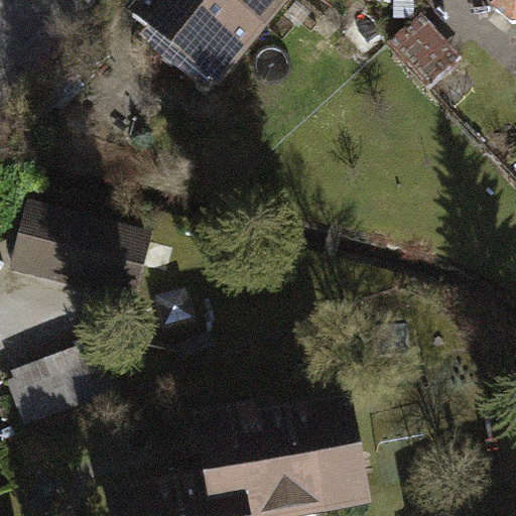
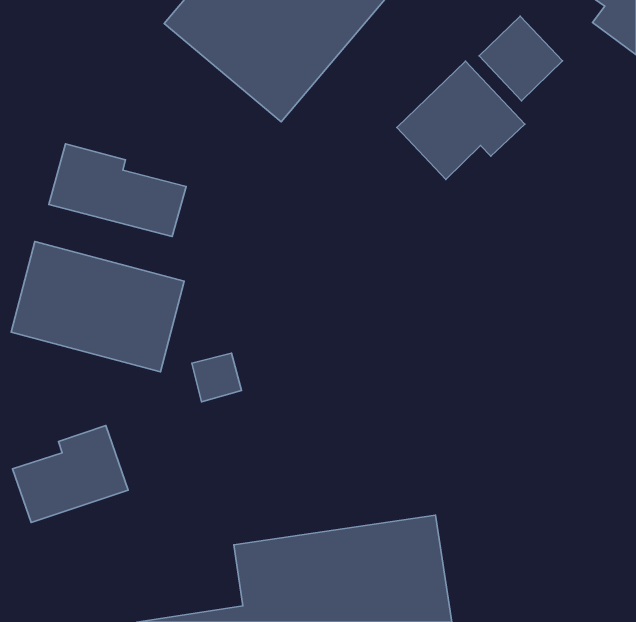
building: none -> [397,61,525,180]
building: none -> [49,144,186,237]

